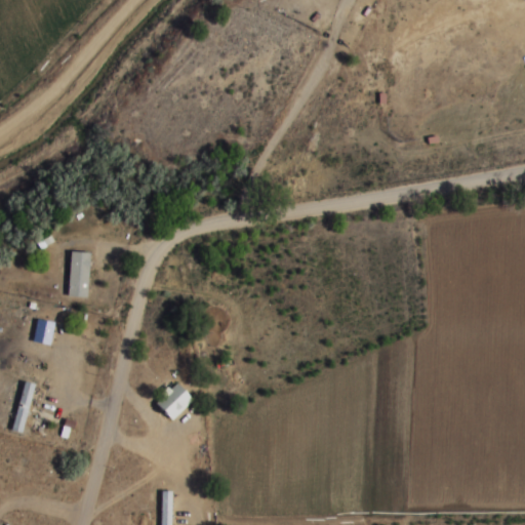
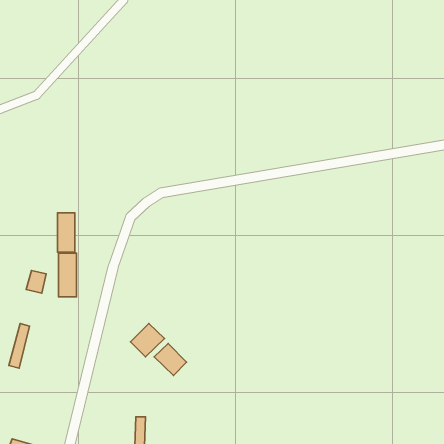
building: none -> [59,253,76,297]
building: none -> [154,344,187,375]

